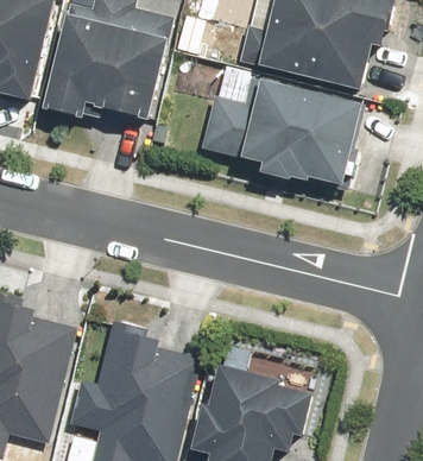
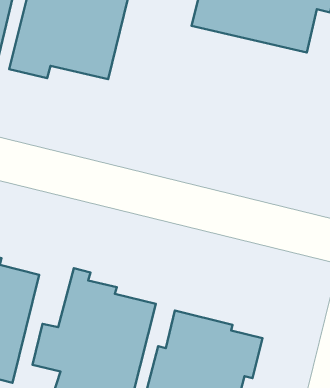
building: [200,77,364,184] -> none

